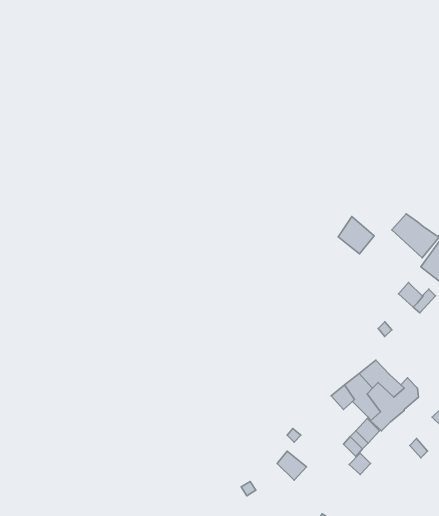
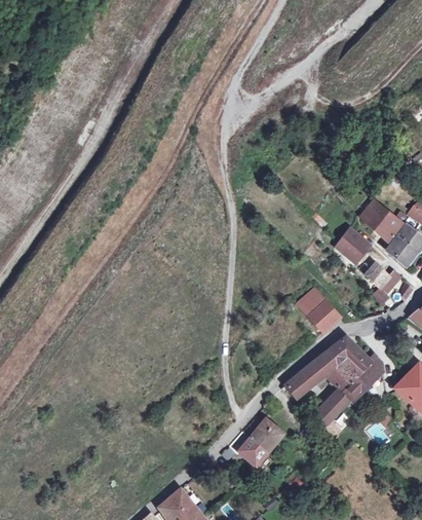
building: [338,217,374,254] -> [336,228,369,262]
building: none -> [299,291,339,332]
building: none -> [284,369,315,398]
building: none -> [238,431,270,466]

